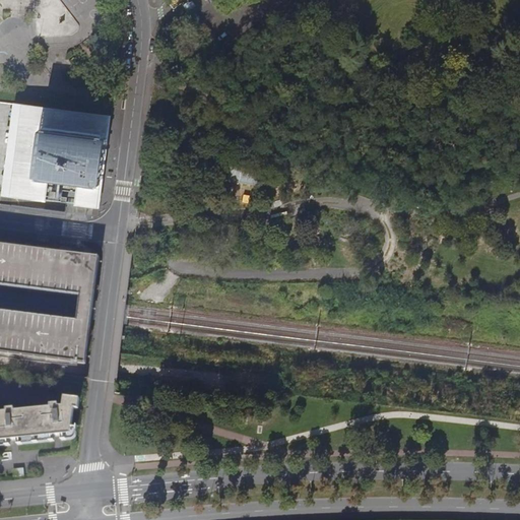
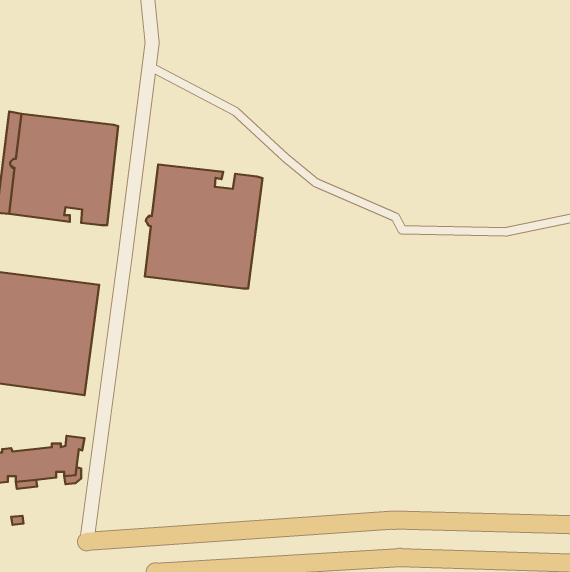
building: none -> [145,165,263,289]

